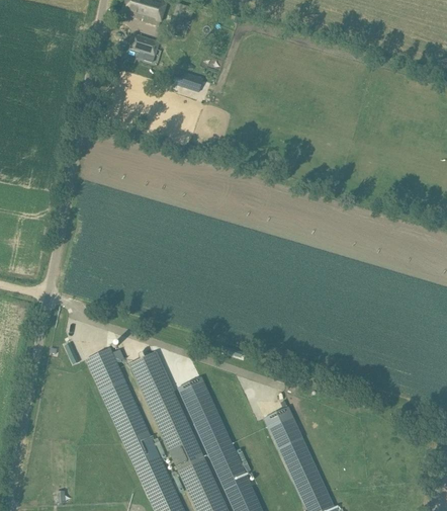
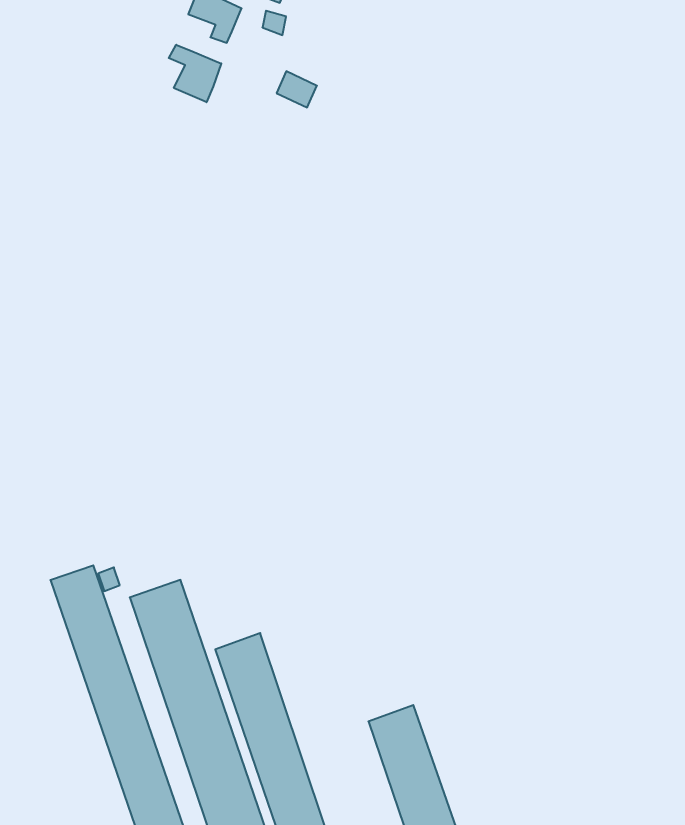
building: none -> [169,45,221,102]

